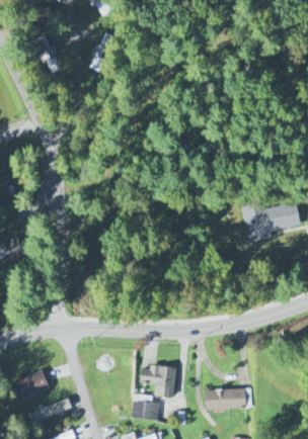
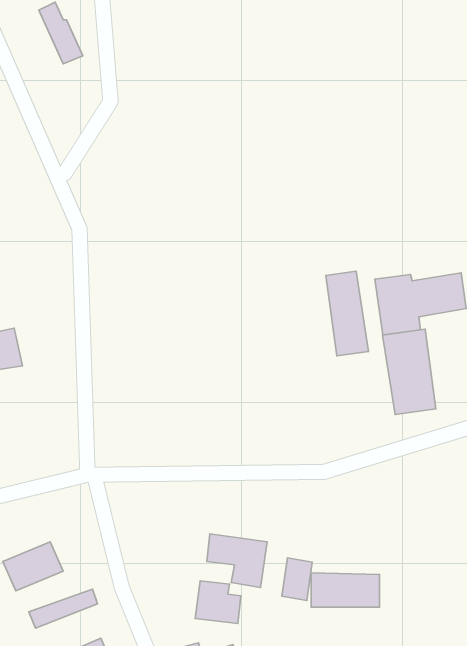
building: none -> [326,271,369,356]
building: none -> [382,329,436,414]
building: none -> [282,558,312,600]

